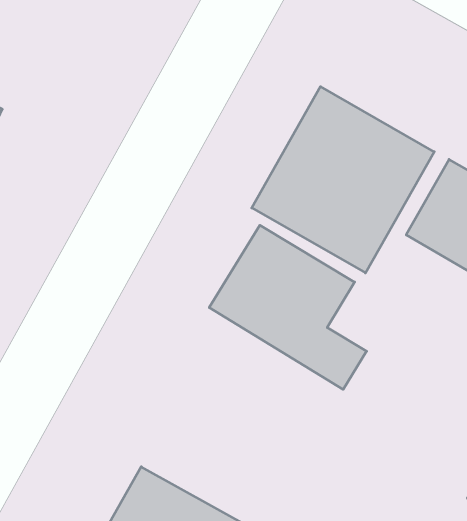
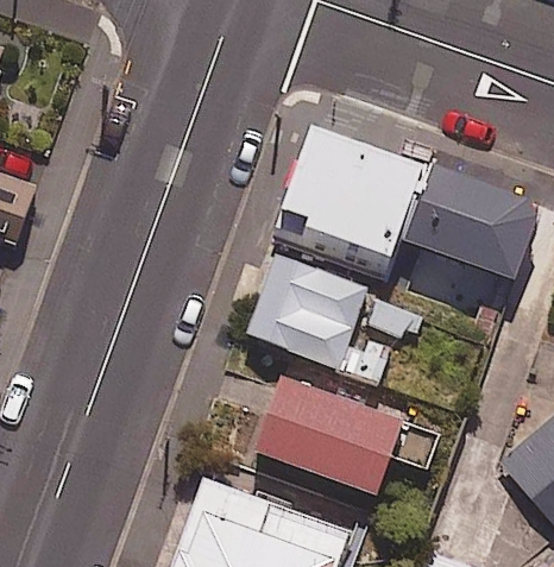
building: none -> [259,378,437,493]

